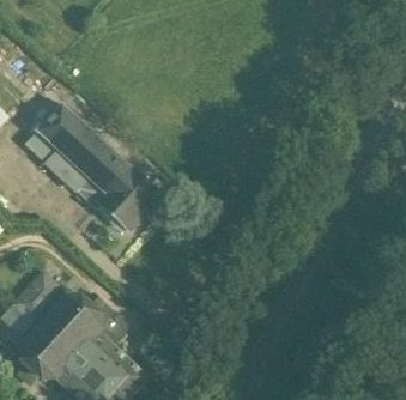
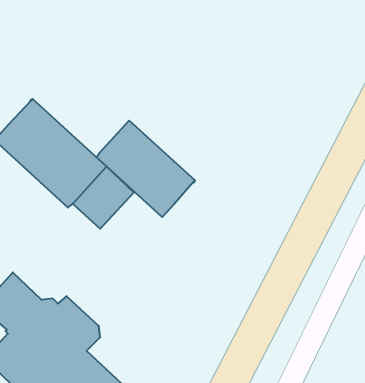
building: none -> [97,121,195,217]

